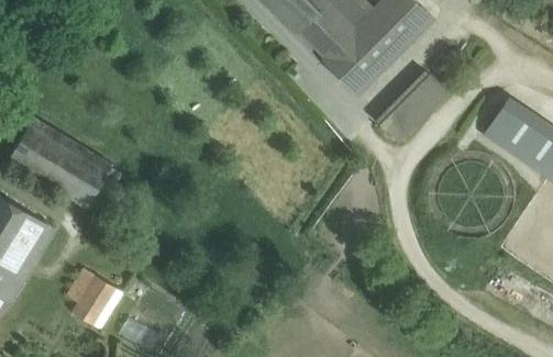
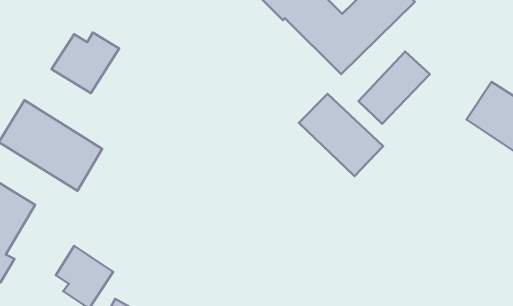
building: none -> [52,33,119,93]
building: none -> [299,94,383,176]

